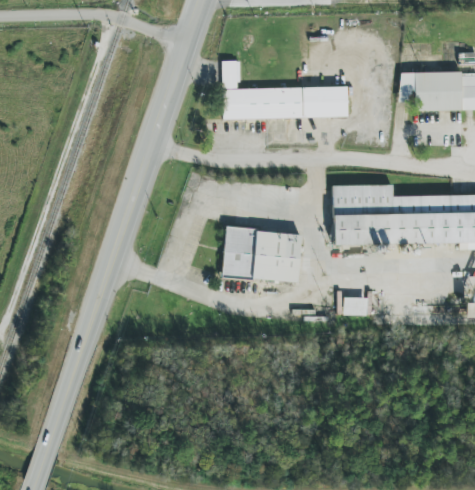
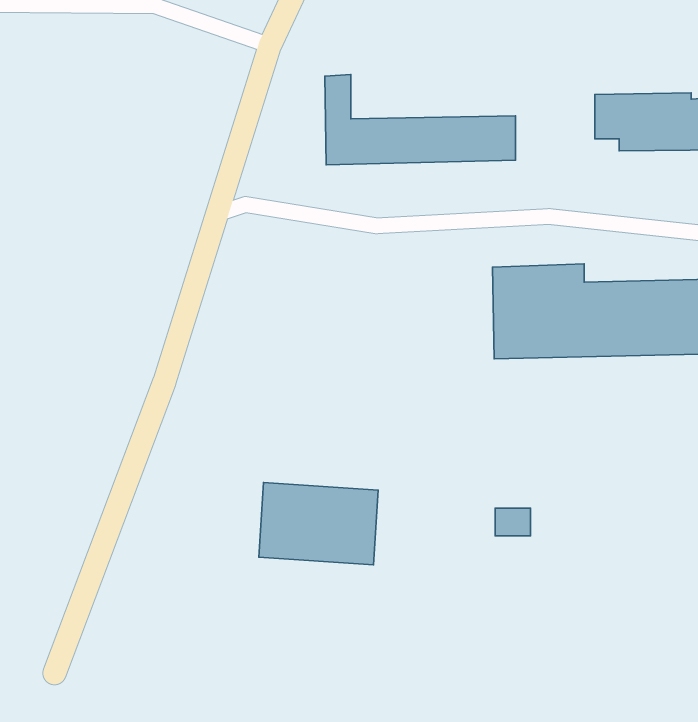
building: [223,228,301,282] -> [259,482,378,565]
building: [345,297,368,315] -> [495,508,530,536]

